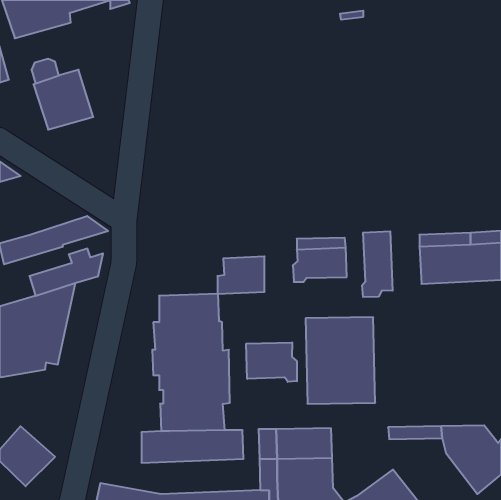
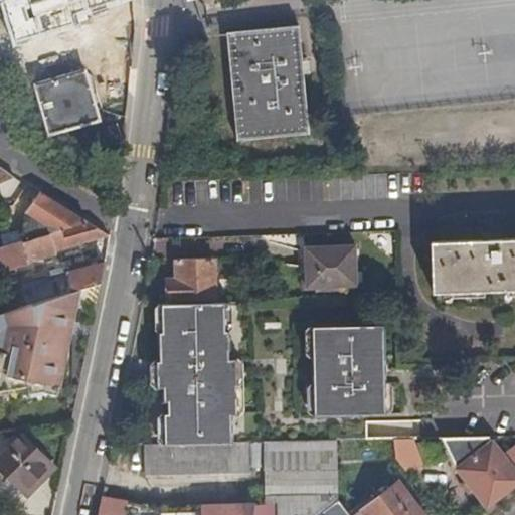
building: none -> [227,28,309,140]
building: none -> [26,194,90,242]
building: [362,231,393,297] -> none
building: [217,256,265,294] -> [168,260,216,298]
building: [246,342,297,382] -> none

